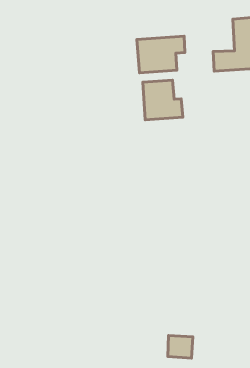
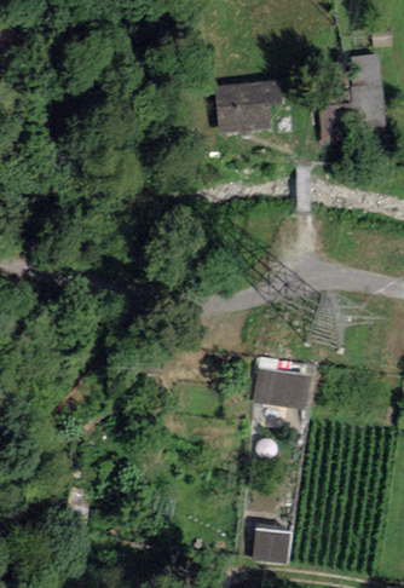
building: [143,80,183,120] -> none
building: none -> [252,368,307,410]

